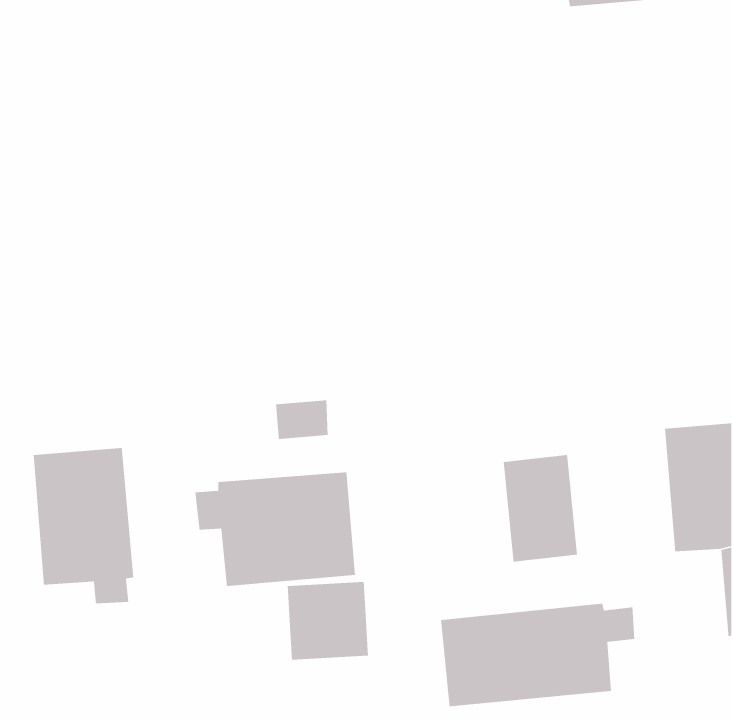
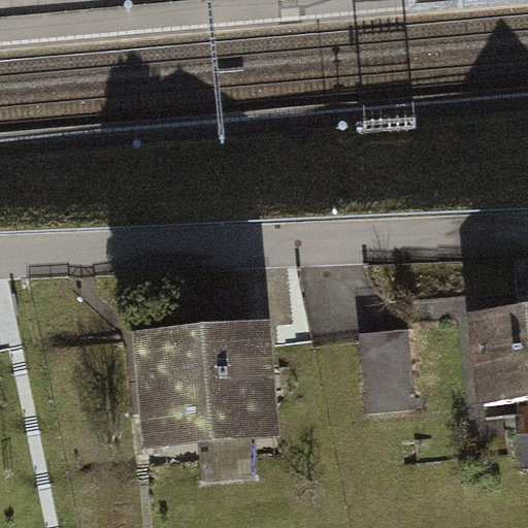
building: [33,447,134,604] -> none
building: [440,603,635,707] -> none

